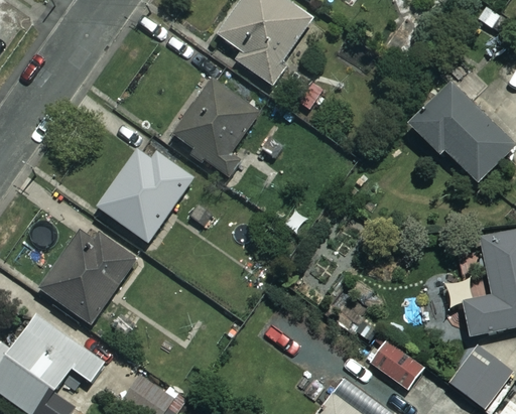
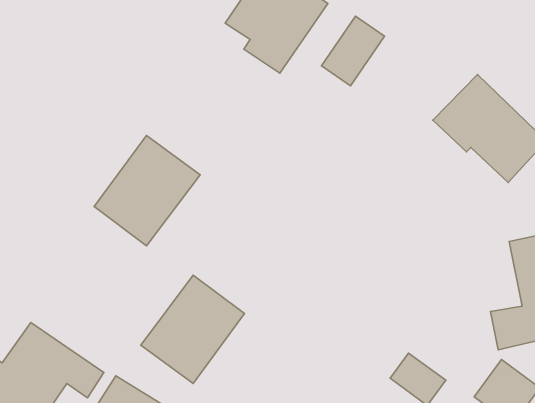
building: none -> [322,16,384,86]
building: [170,76,262,175] -> none
building: [40,224,136,323] -> [141,275,245,383]

